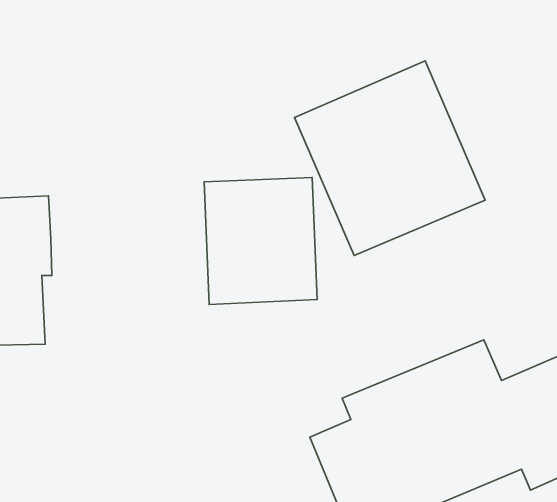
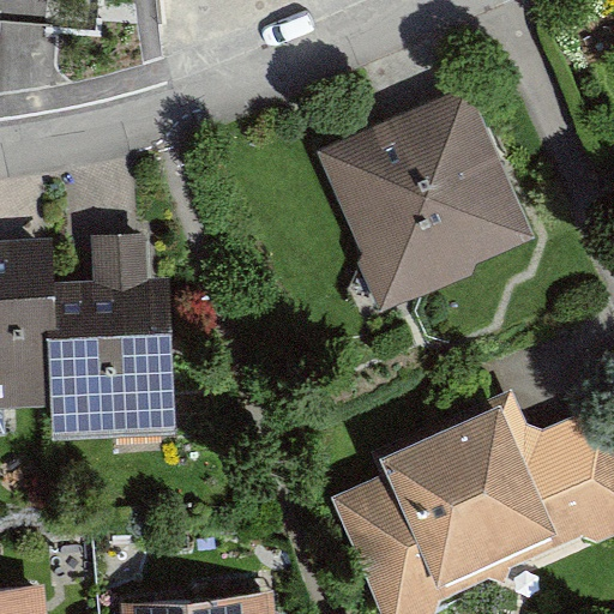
building: [204,178,317,305] -> none
building: none -> [46,233,175,432]

